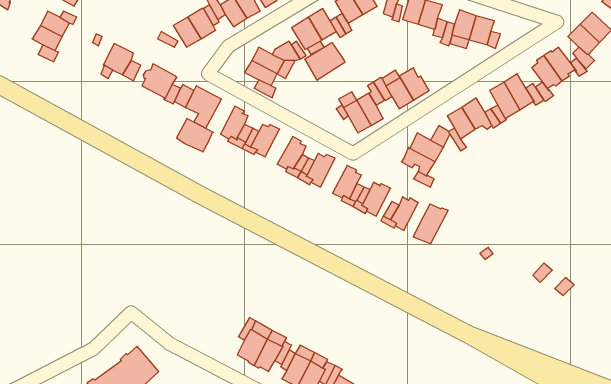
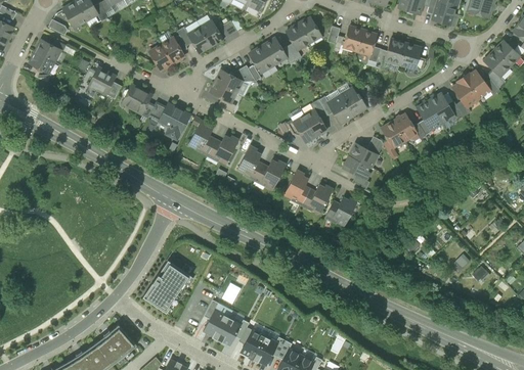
building: [305,42,345,80] -> none
building: [177,118,213,152] -> none
building: [414,204,448,244] -> none
building: none -> [142,260,191,313]

